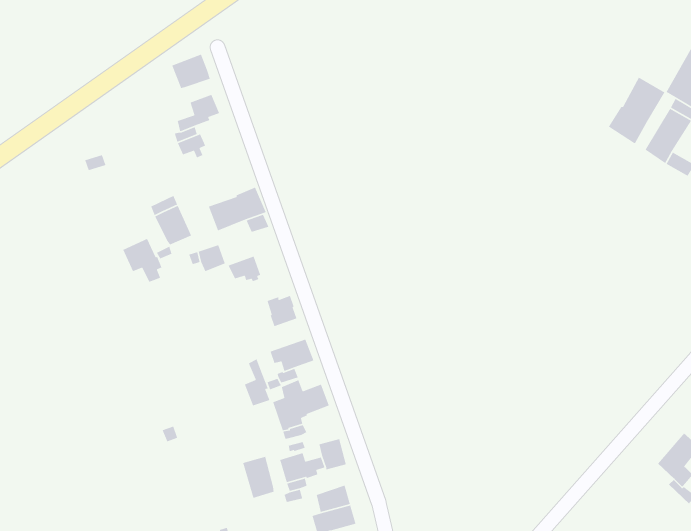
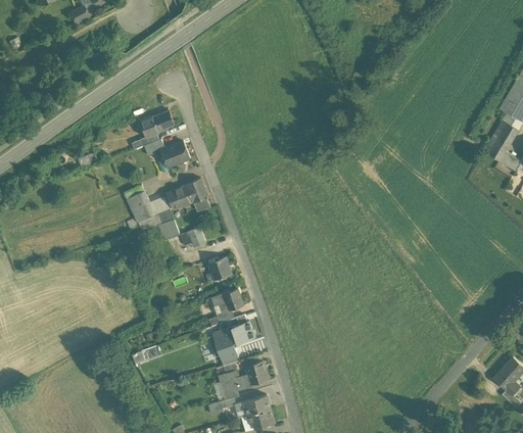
building: [171,53,211,89] -> none
building: [608,76,665,144] -> none
building: none -> [160,141,189,167]
building: [122,238,163,283] -> none
building: [244,358,271,407] -> none
building: [242,456,275,499] -> none

